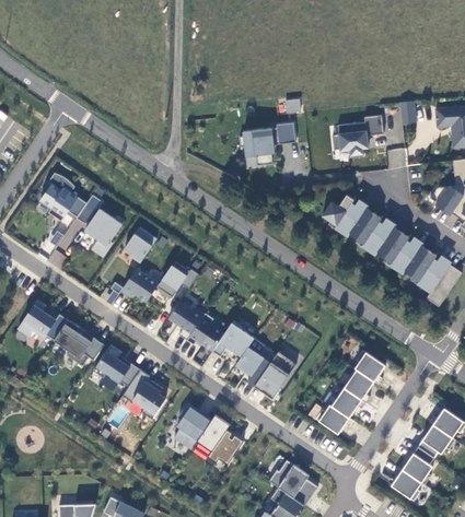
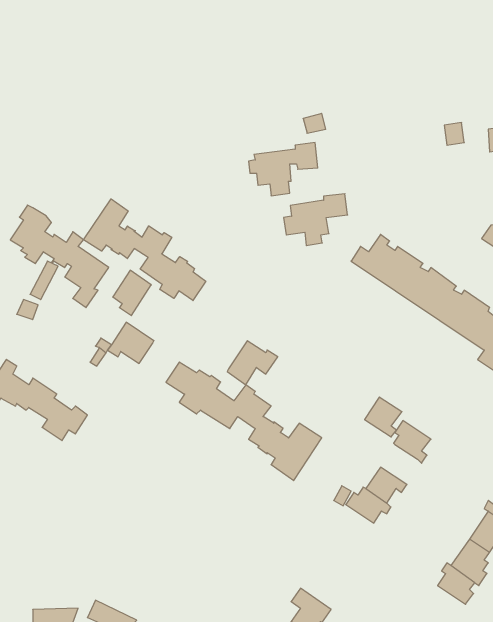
building: [329,114,382,156] -> [284,194,348,246]
building: none -> [83,199,206,301]
building: [158,260,199,296] -> [227,341,278,385]
building: [94,344,166,418] -> none
building: [345,368,375,401] -> [365,397,402,437]
building: [174,406,243,463] -> none
building: [269,459,318,505] -> none

